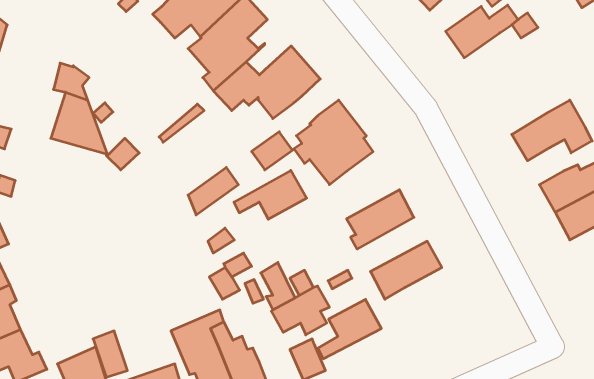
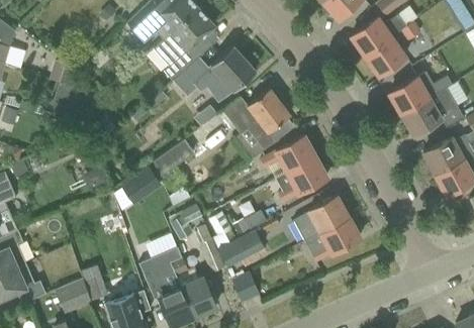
building: none -> [365,36,406,76]
building: none -> [389,72,452,114]
building: [234,170,307,219] -> [260,135,315,173]
building: none -> [120,163,162,203]
building: [318,299,381,359] -> [311,216,360,261]

